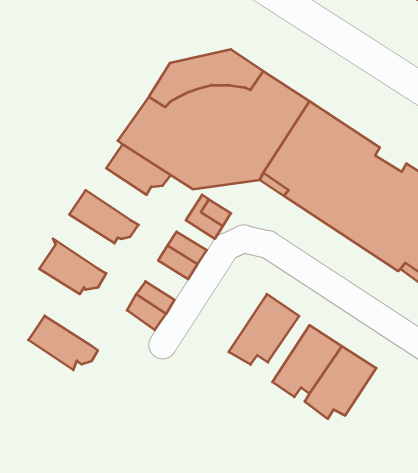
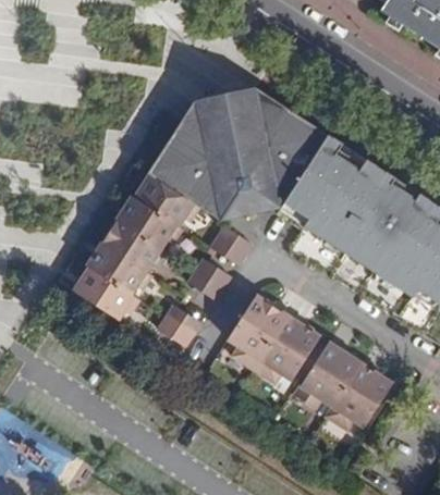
building: none -> [115,195,181,246]
building: none -> [224,294,286,370]
building: [28,316,98,370] -> [85,240,150,292]

